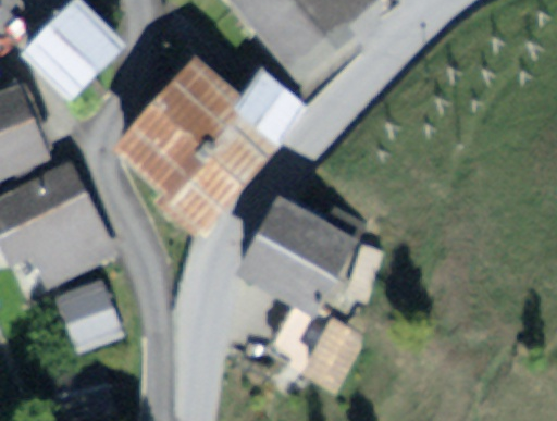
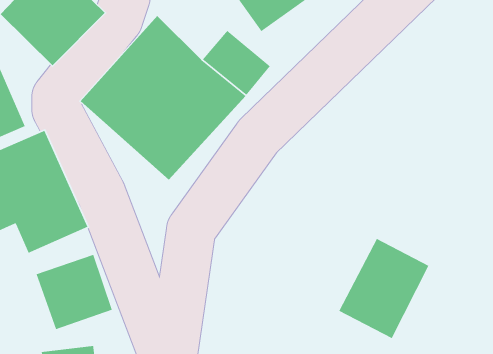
building: [237,193,362,321] -> none
building: none -> [338,238,430,339]

